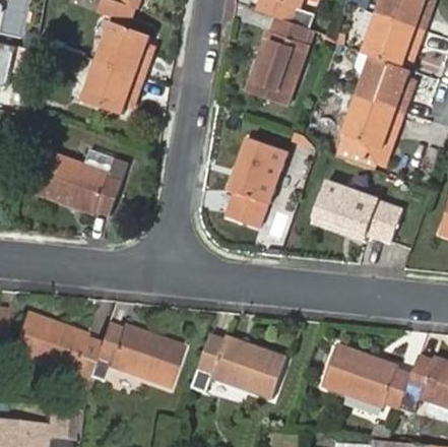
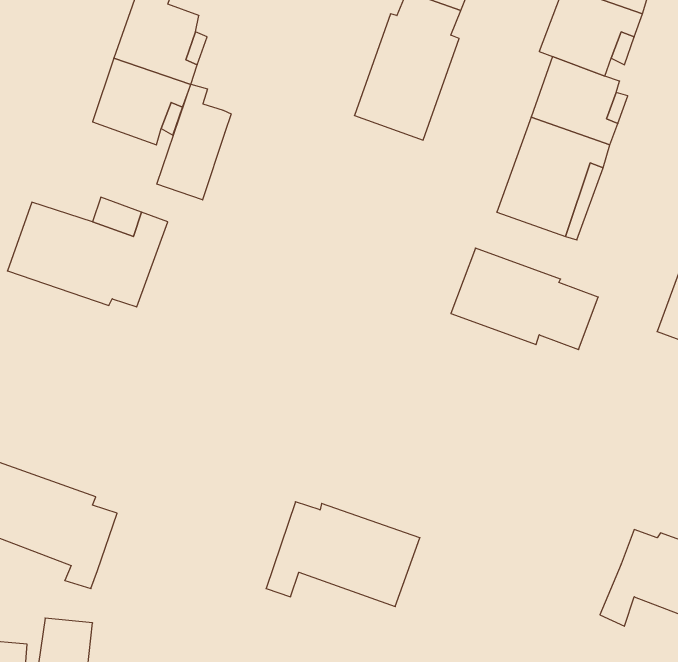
building: none -> [157,84,231,200]
building: [221,136,282,229] -> none
building: [87,323,183,388] -> none
building: [322,342,412,406] -> none

